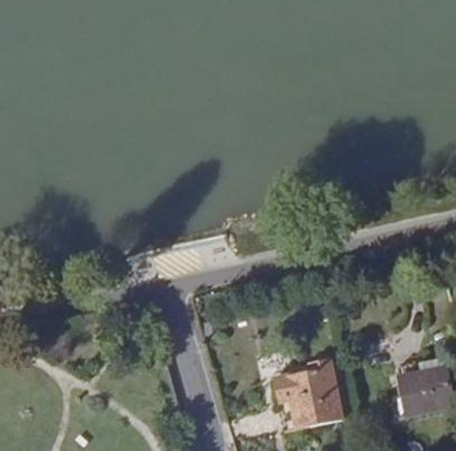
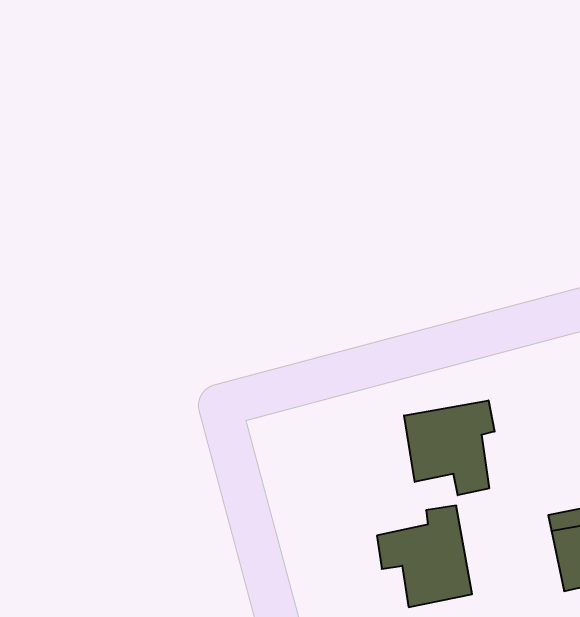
building: none -> [404,400,495,495]

